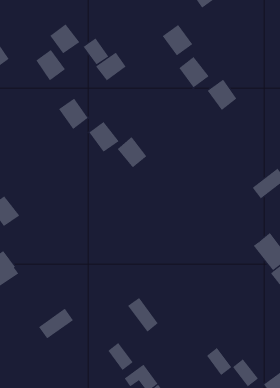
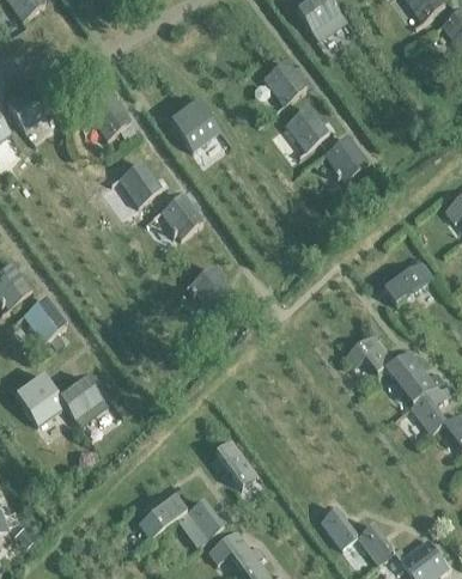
building: [49,24,80,54] -> none
building: [83,37,109,65] -> none
building: [117,136,147,168] -> [188,266,230,310]
building: none -> [346,334,395,373]
building: none -> [57,377,105,425]
building: [38,308,74,339] -> [136,495,186,538]

